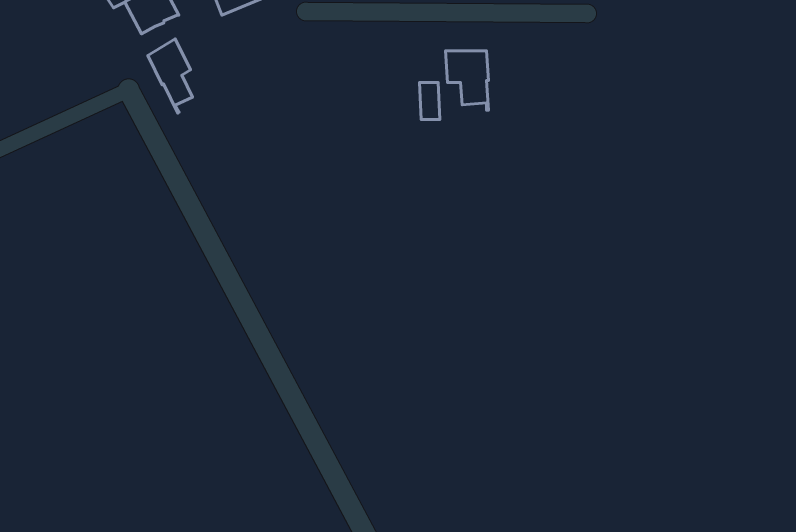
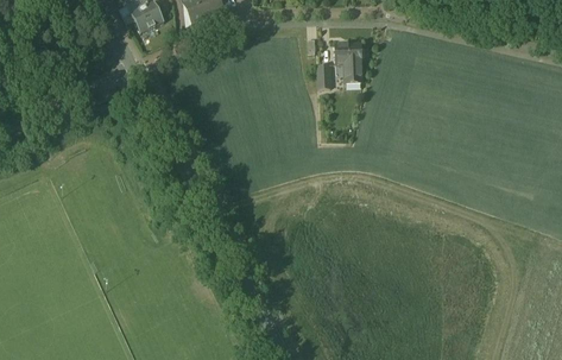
building: [148,39,192,113] -> none

